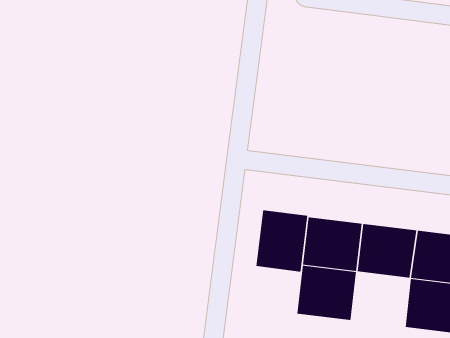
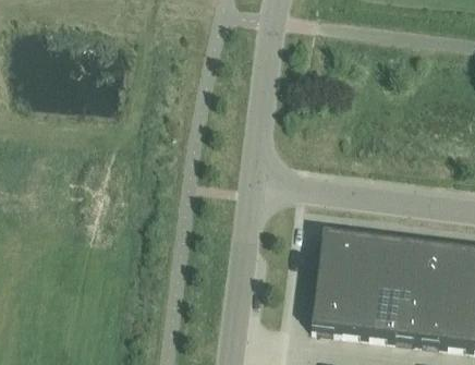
building: [256,209,308,272] -> none
building: none -> [366,284,424,339]

